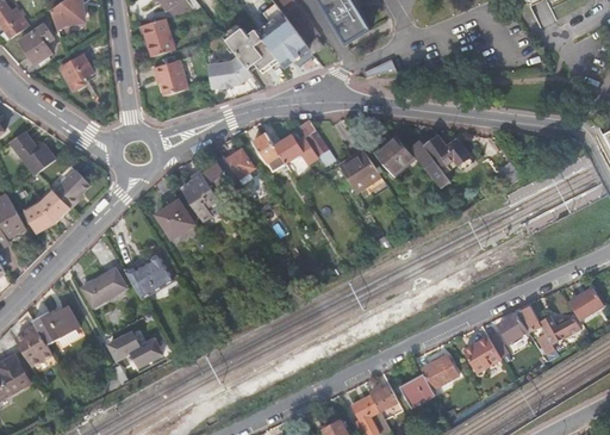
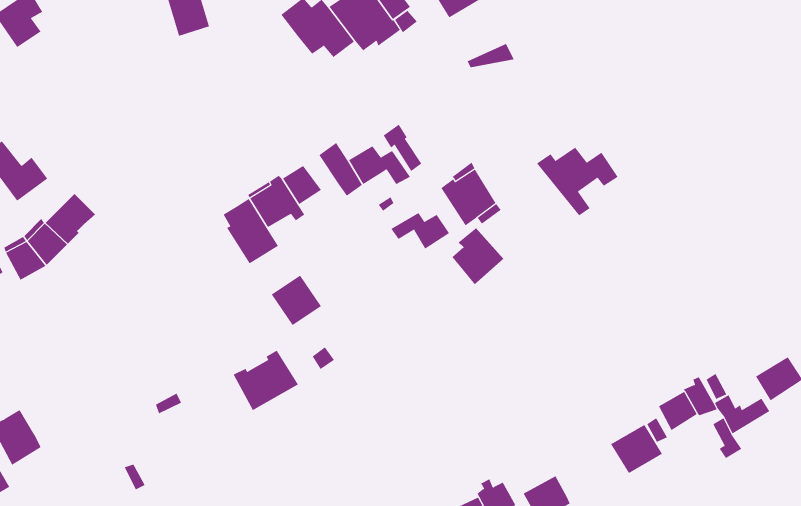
building: [60,54,92,89] -> none
building: [207,56,253,89] -> none
building: [152,58,188,94] -> none
building: [375,132,413,174] -> [451,228,504,285]
building: none -> [390,212,450,249]
building: [156,200,193,237] -> [271,275,322,326]
building: [125,254,173,298] -> [233,350,299,411]
building: [82,269,125,306] -> none
building: [32,305,79,343] -> none
building: [108,331,161,366] -> none
building: [421,354,458,389] -> none

